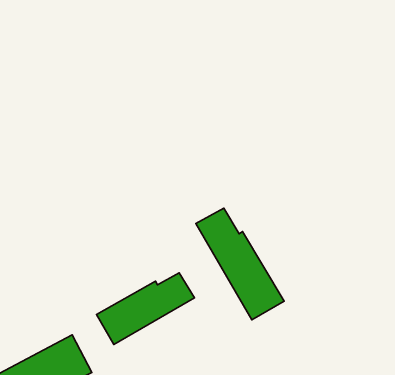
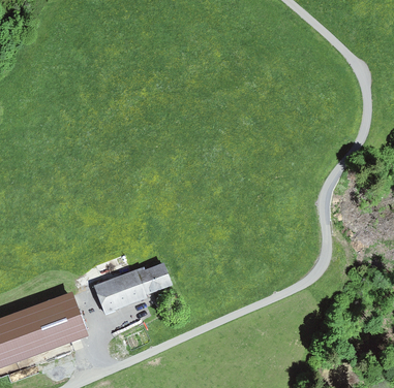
building: [196,208,284,320] -> none

